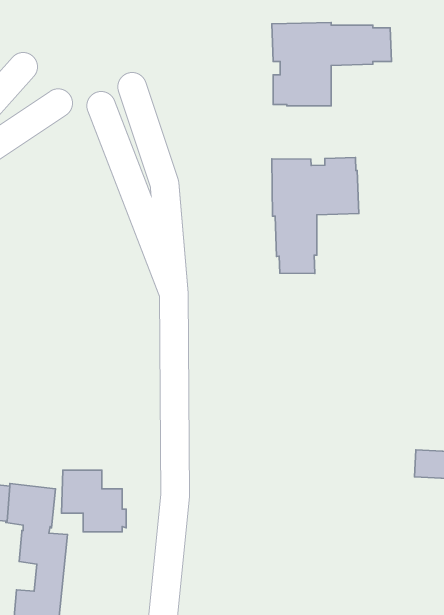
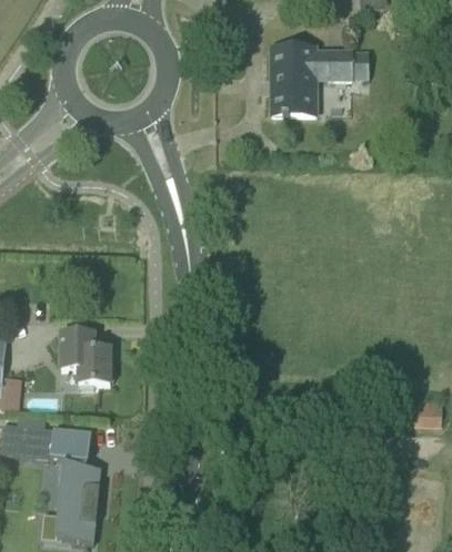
building: [272,158,359,273] -> none
building: [62,470,126,532] -> [59,333,112,384]

